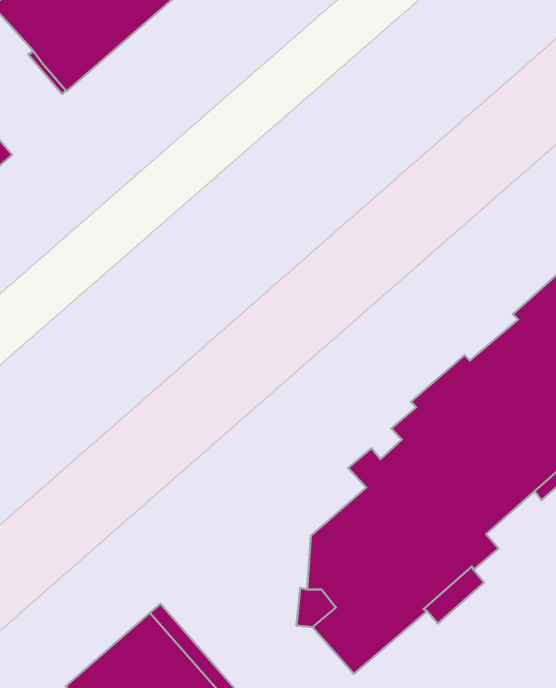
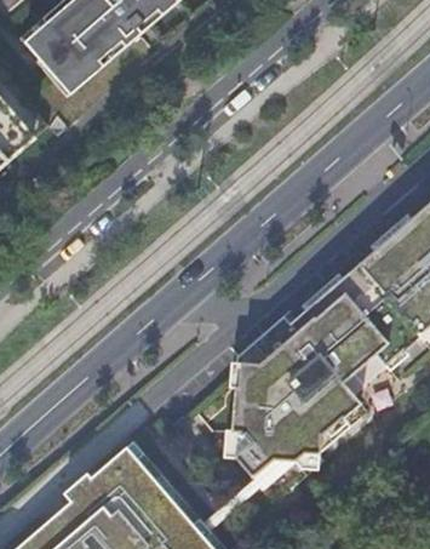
building: none -> [235,318,297,398]

